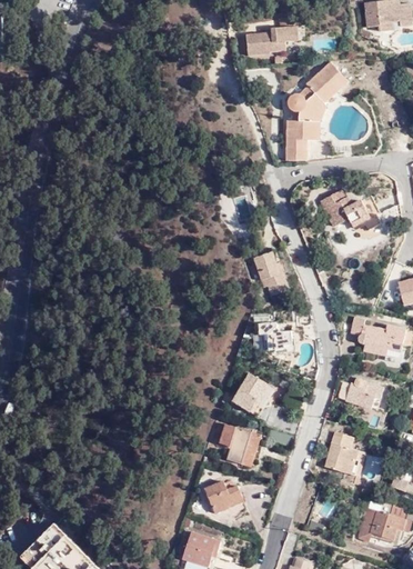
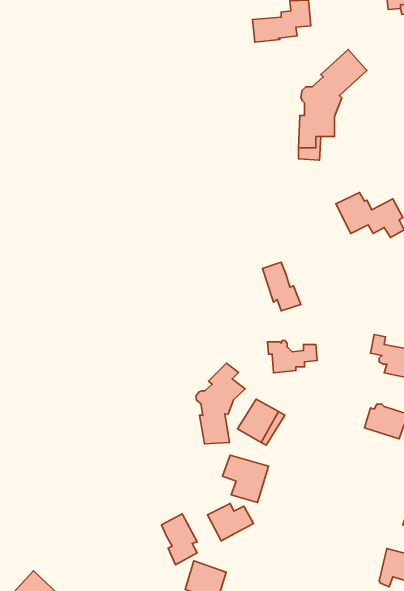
building: none -> [196,363,245,444]
building: [325,432,365,485] -> none
building: none -> [162,514,197,565]

